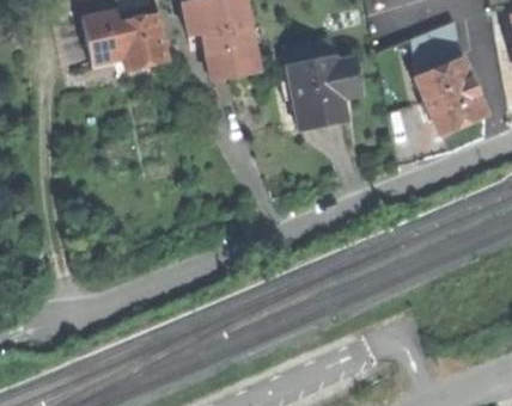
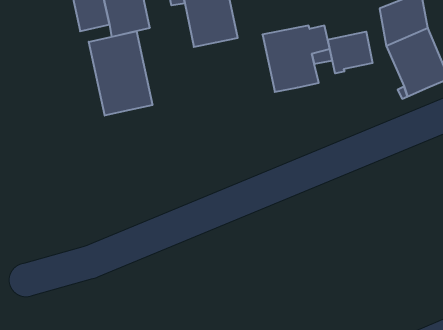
building: none -> [89,31,152,116]
building: none -> [328,32,373,73]

